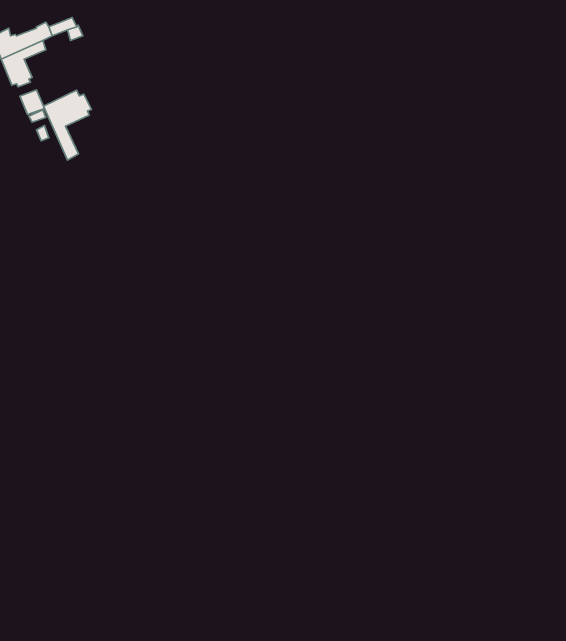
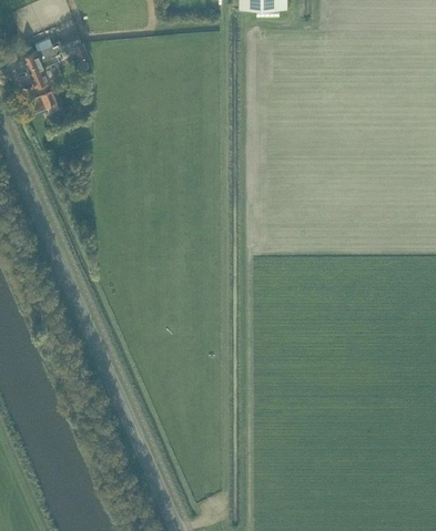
building: [43,90,92,160] -> none

